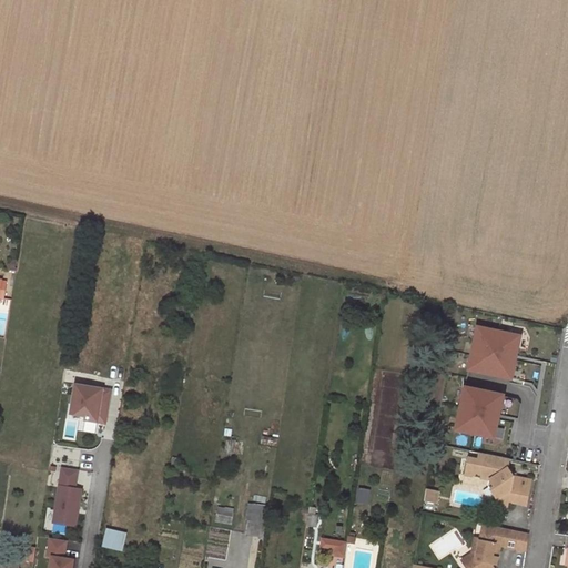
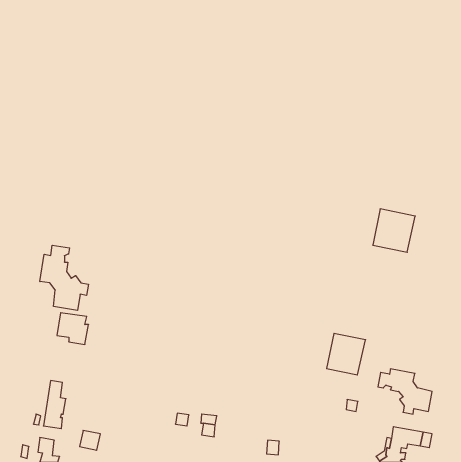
building: none -> [40,245,88,310]
building: [468,326,520,379] -> [373,209,415,252]
building: [456,387,504,438] -> [327,333,366,375]

